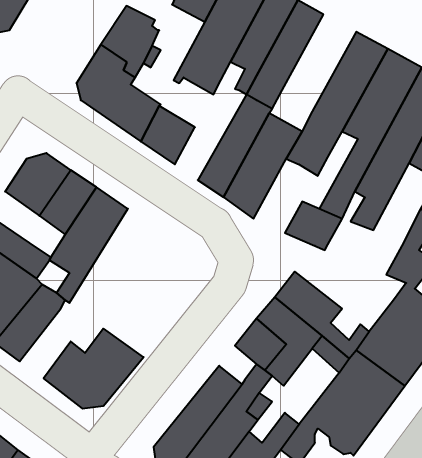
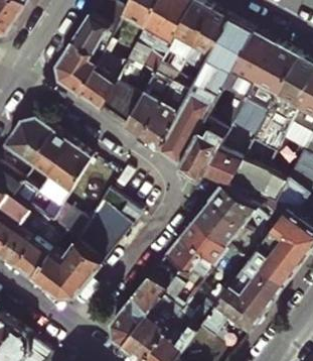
building: none -> [191,18,253,101]
building: none -> [125,65,175,135]
building: none -> [180,120,225,176]
building: none -> [232,162,285,202]
building: none -> [209,185,279,242]
building: none -> [73,201,141,260]
building: none -> [15,220,64,275]

